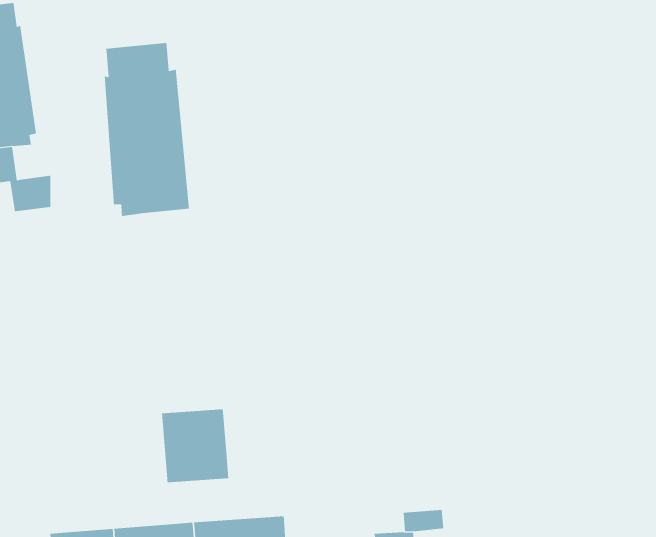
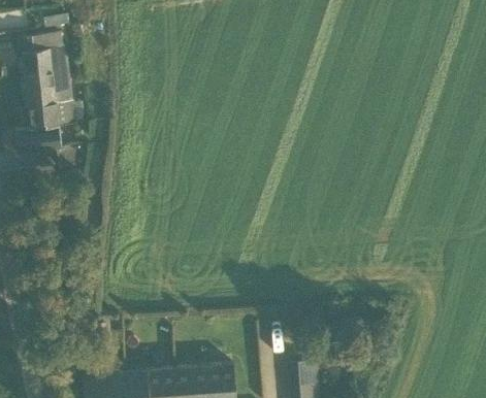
building: [104,42,190,217] -> none
building: [162,409,229,483] -> none

